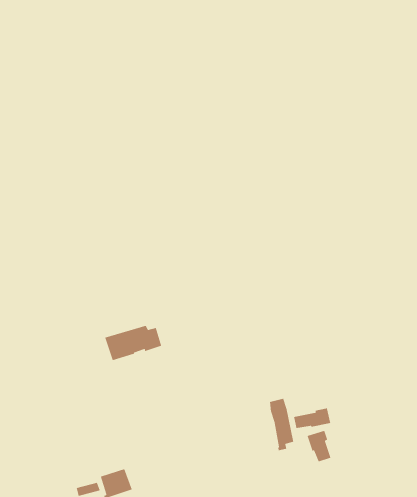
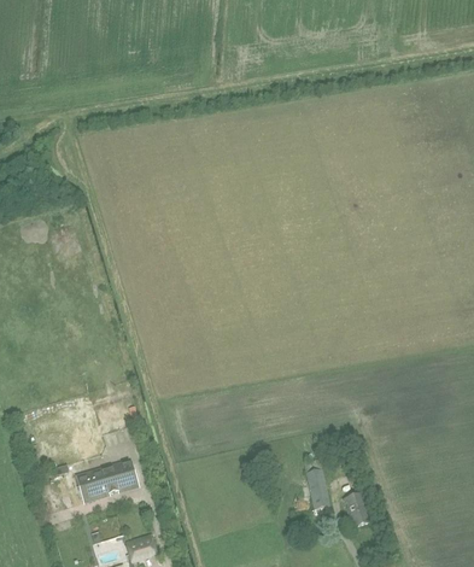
building: [104,325,162,361] -> [75,460,136,498]
building: [293,408,331,429] -> none

